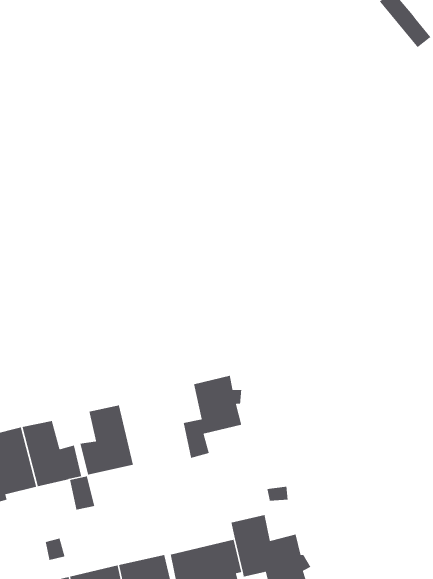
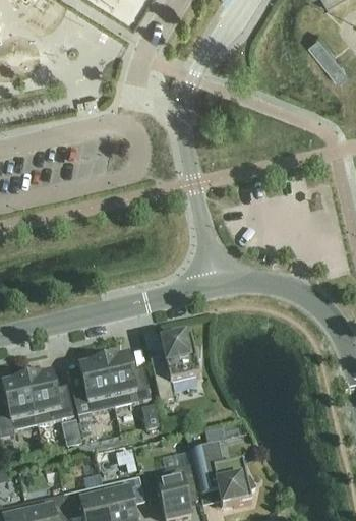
building: none -> [102,353,150,407]

